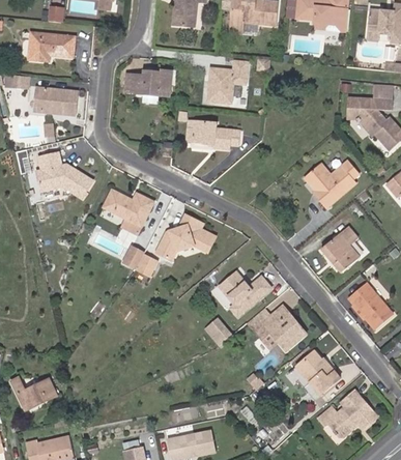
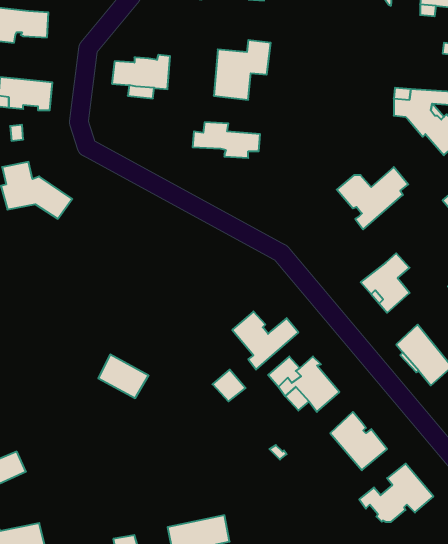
building: [104,190,154,227] -> none
building: [155,213,214,259] -> none
building: [119,243,159,278] -> [98,354,149,398]

